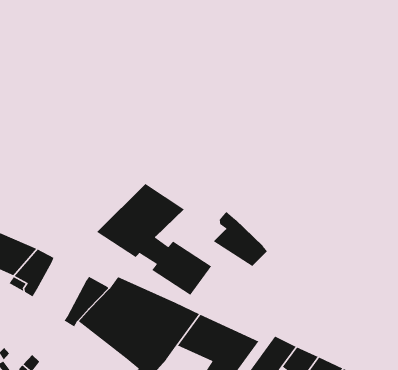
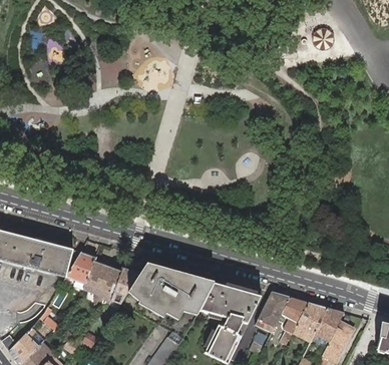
building: [96,183,212,296] -> none
building: [213,211,268,267] -> none
building: none -> [83,261,121,306]

